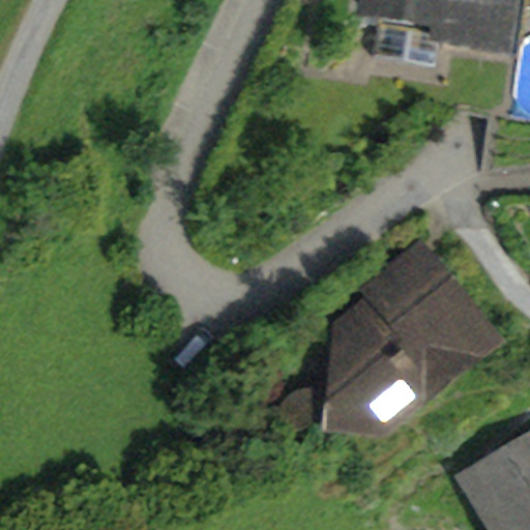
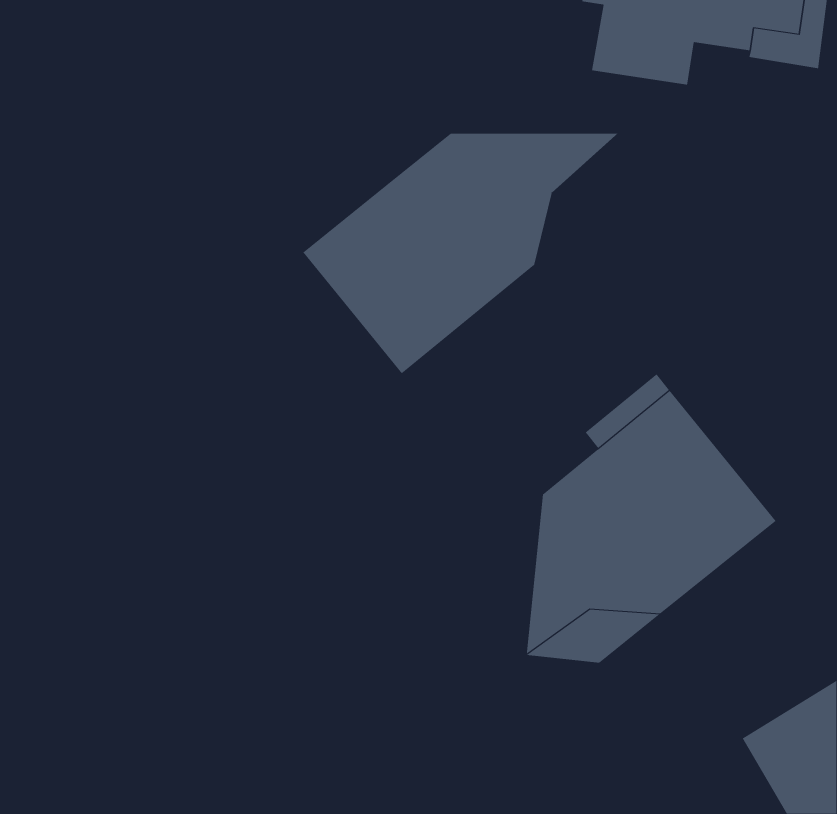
building: none -> [303,133,619,374]

